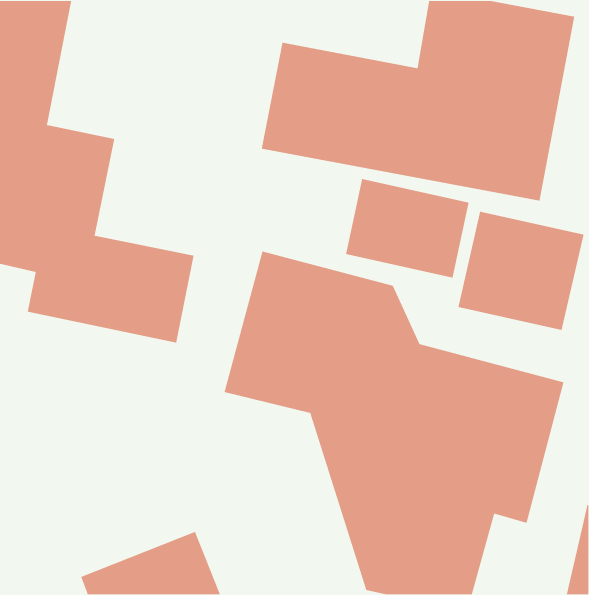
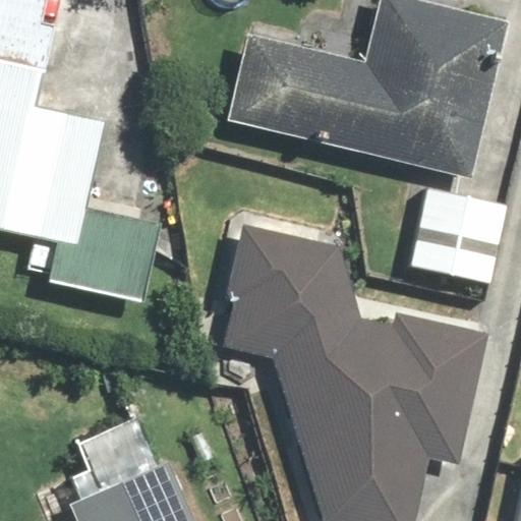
building: [345,178,469,278] -> none

